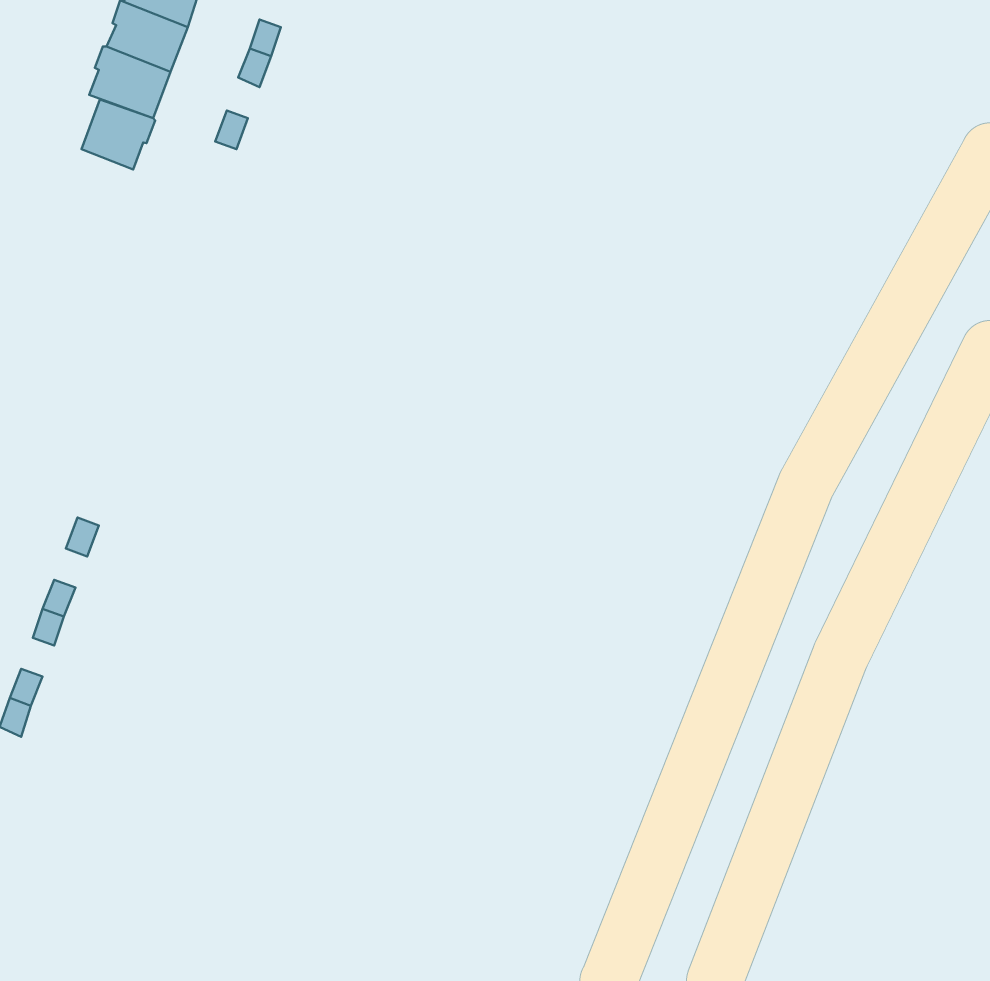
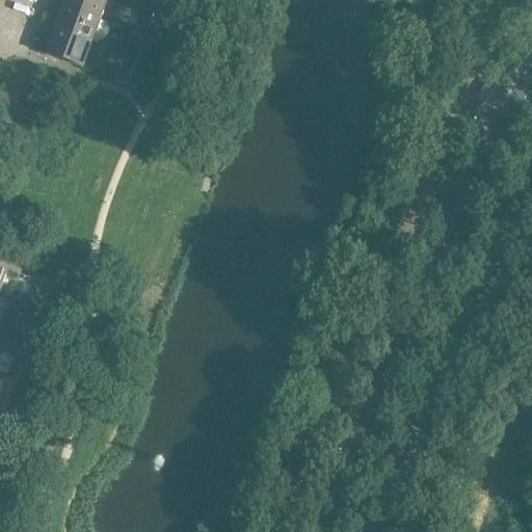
building: [81,100,155,169] -> none

